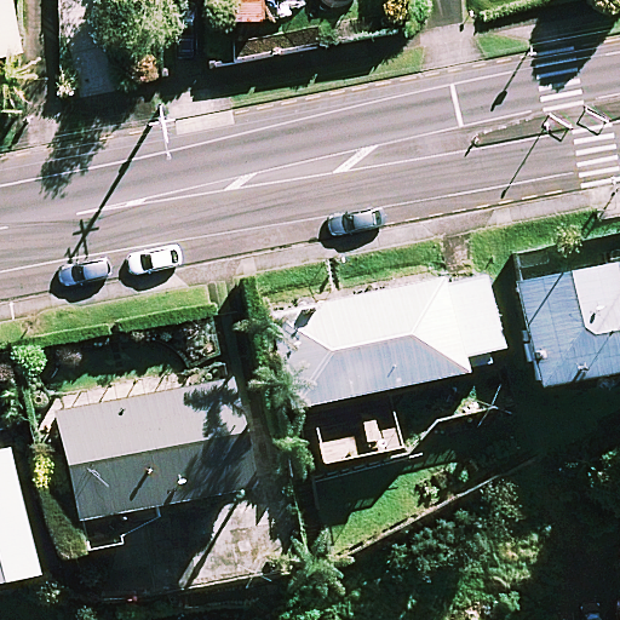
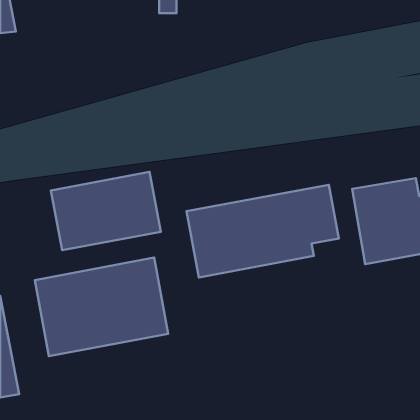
building: none -> [51,172,161,250]

